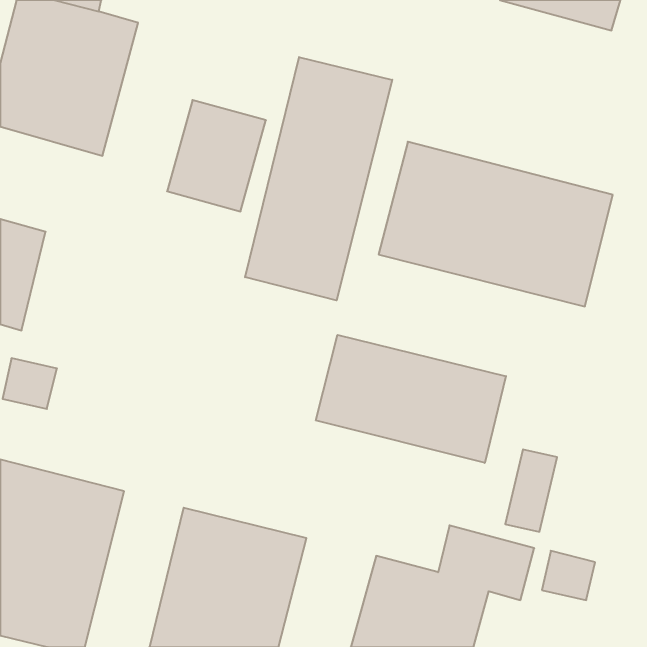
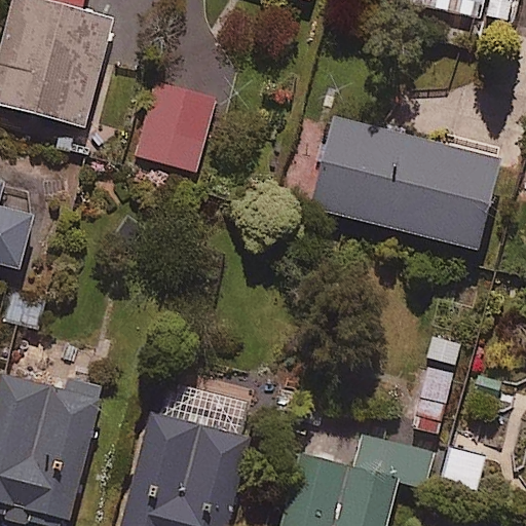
building: [245,57,392,300] -> none
building: [316,335,506,463] -> none

